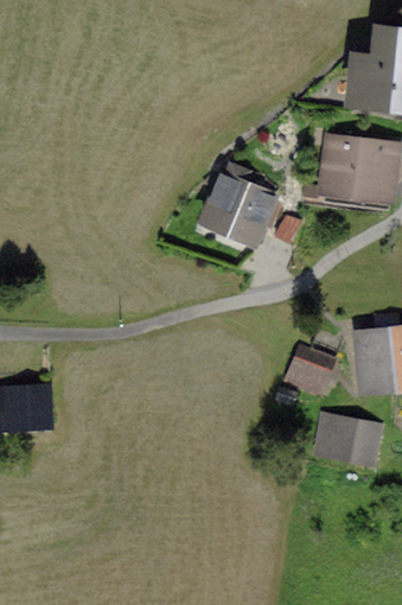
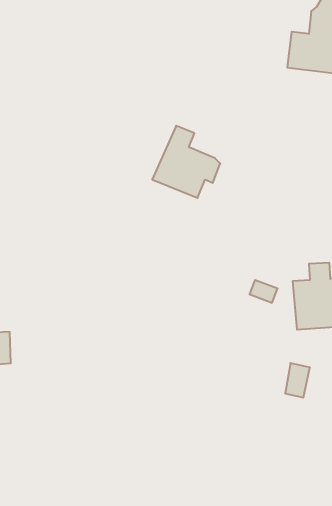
building: [326,145,395,198] -> none
building: [288,352,331,395] -> none
building: [319,421,356,460] -> none

